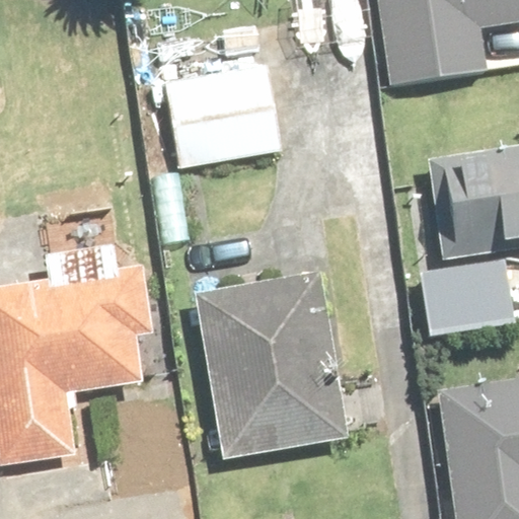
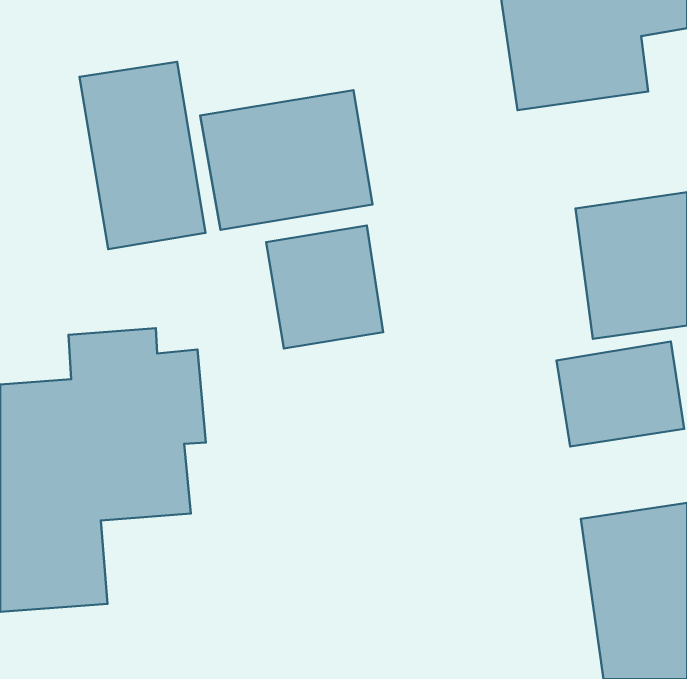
building: none -> [79,62,205,249]
building: none -> [266,225,383,348]
building: [202,271,345,450] -> none

